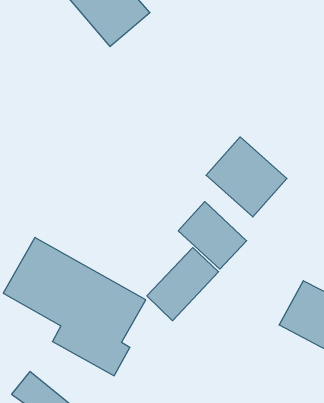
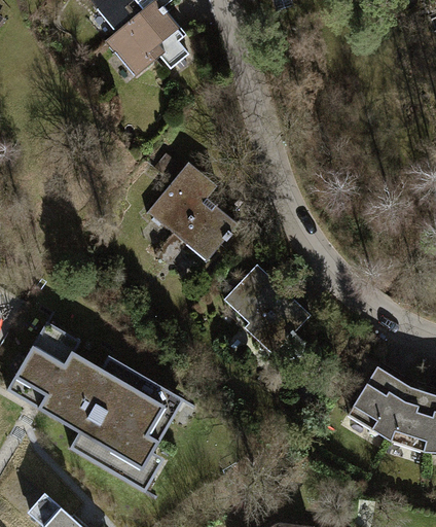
building: [206,137,287,217] -> [149,168,249,267]
building: [147,248,219,321] -> none

